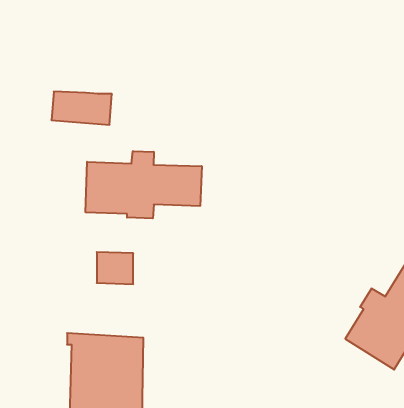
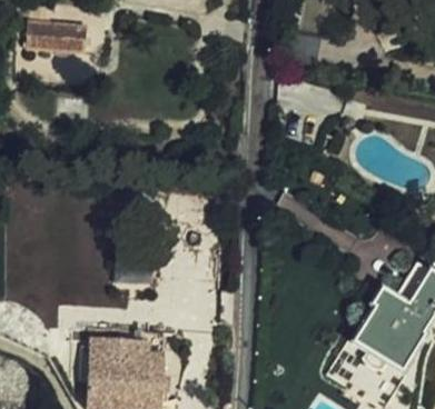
building: [51,92,112,125] -> [27,20,86,52]
building: [86,151,202,218] -> none

